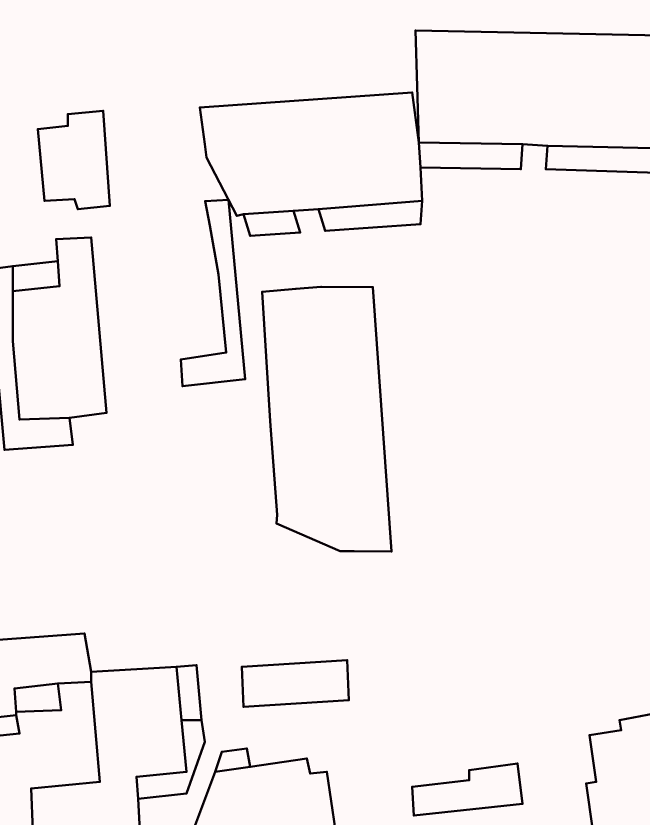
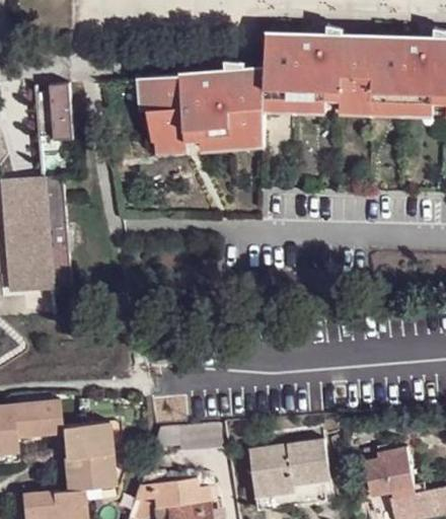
building: [181,200,245,386] -> none
building: [262,287,391,552] -> none
building: none -> [251,443,330,493]

